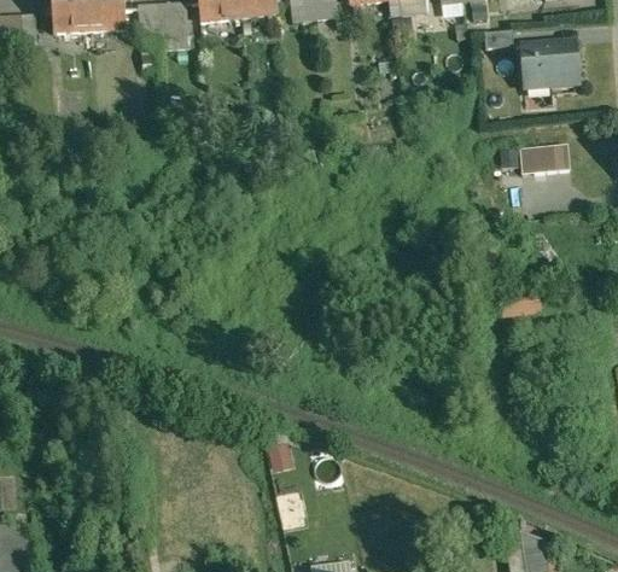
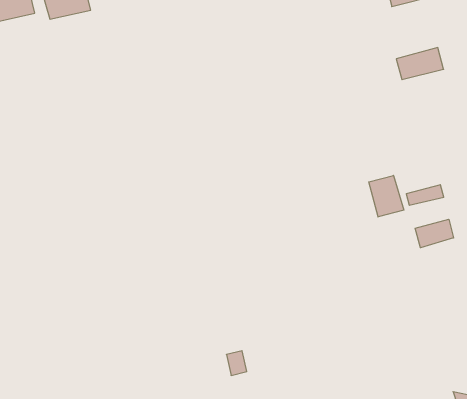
building: none -> [369,175,404,217]
building: none -> [415,219,454,248]

